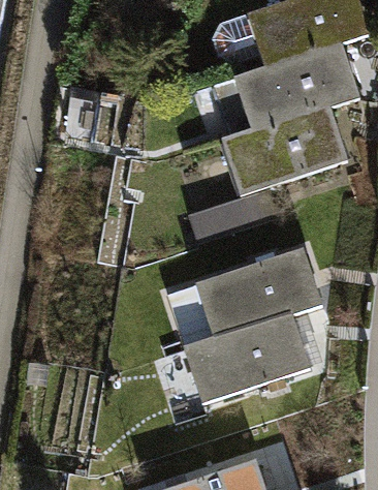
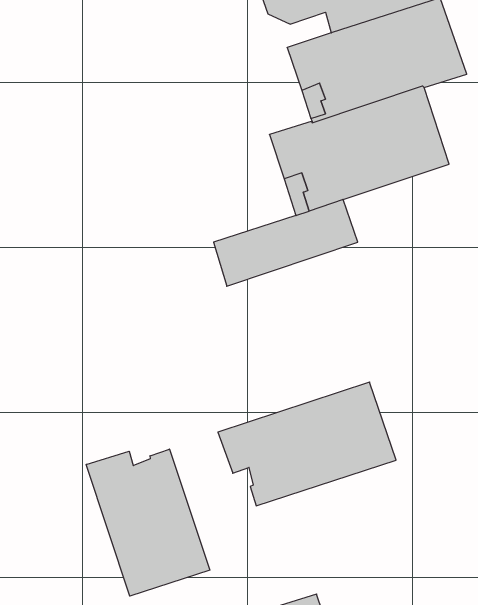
building: [171,247,322,347] -> none
building: none -> [86,449,210,596]

